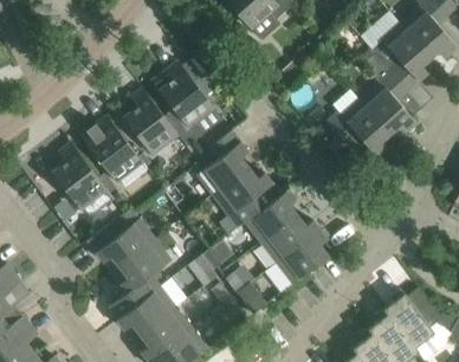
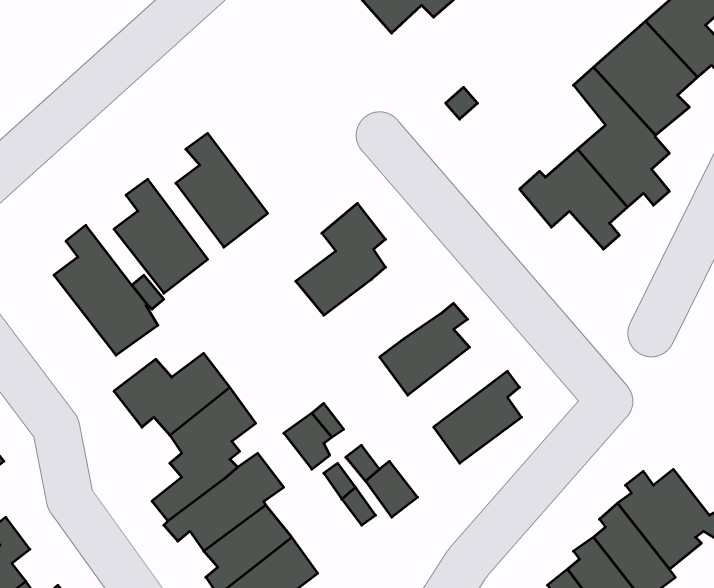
building: [153,60,219,146] -> none
building: [212,167,282,227] -> none
building: [261,214,321,261] -> none

